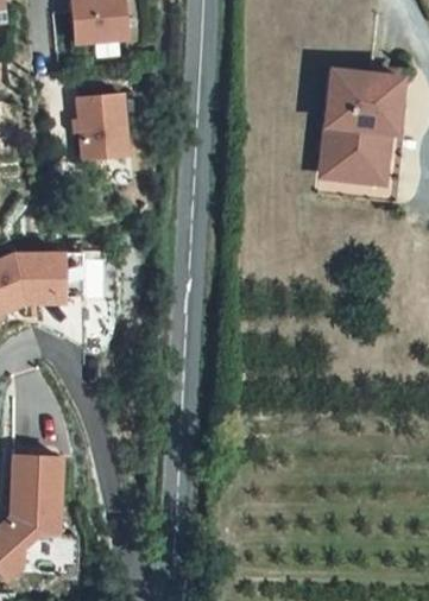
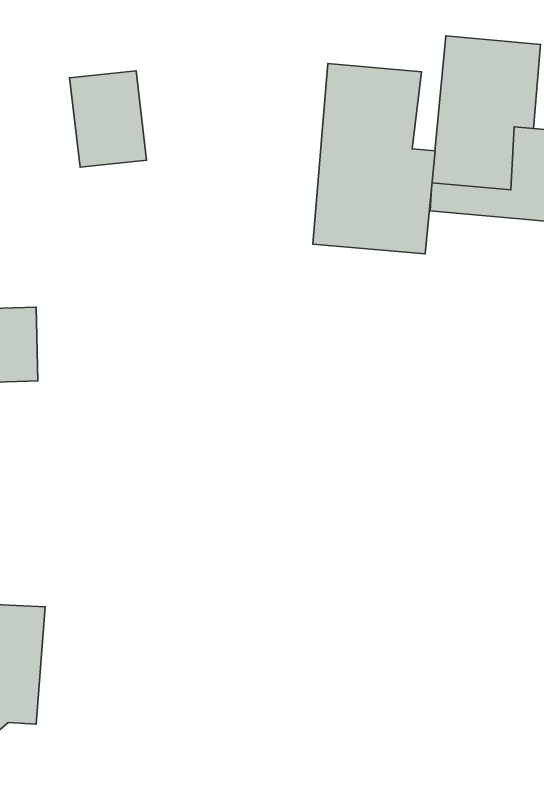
building: none -> [313,63,435,254]

